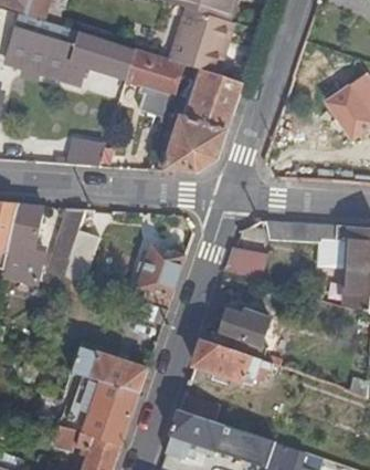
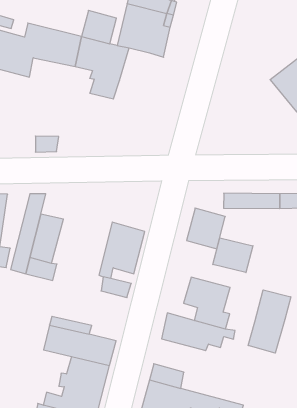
building: [156,70,242,174] -> none
building: none -> [213,238,253,273]
building: none -> [248,290,291,353]

